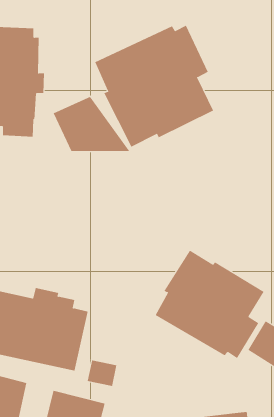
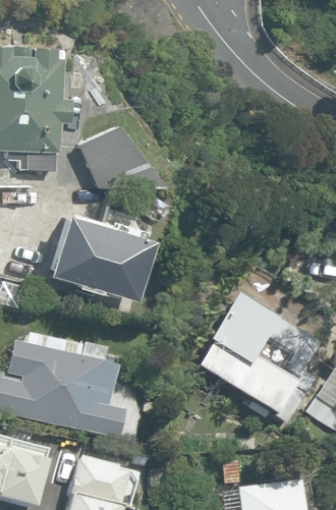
building: [94,25,214,147] -> none
building: none -> [47,207,153,296]

